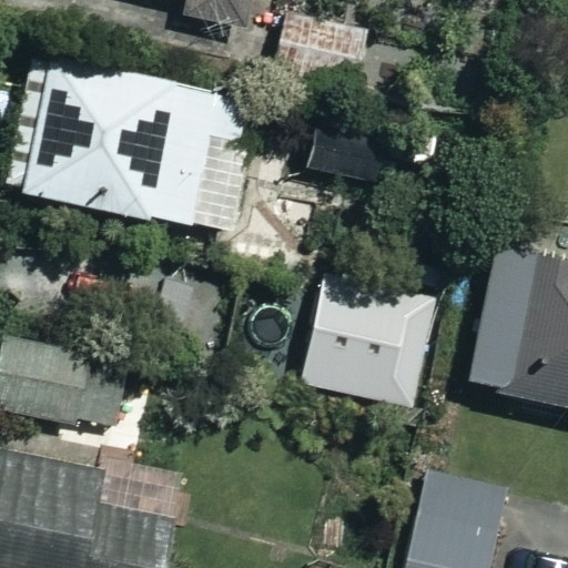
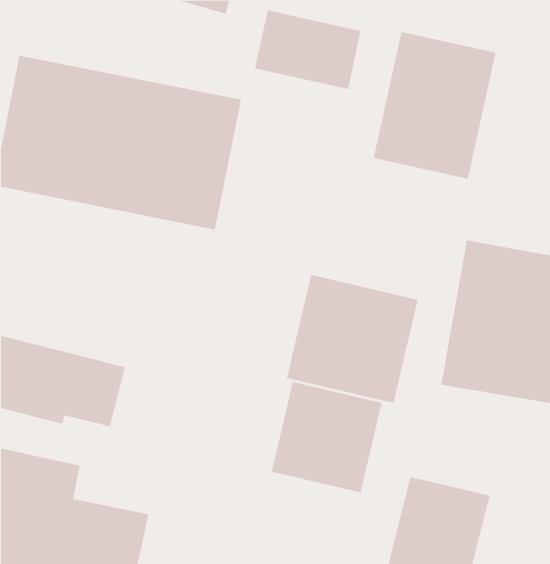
building: none -> [373,31,496,180]
building: none -> [271,381,382,493]

